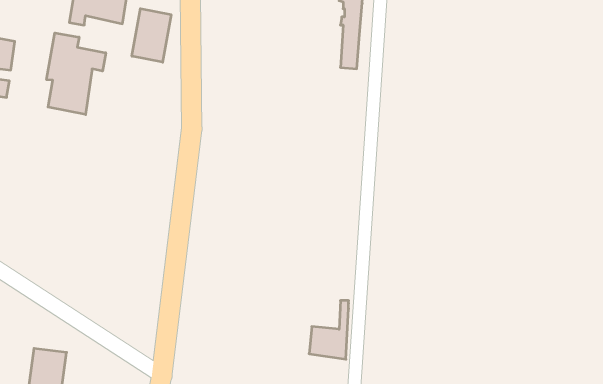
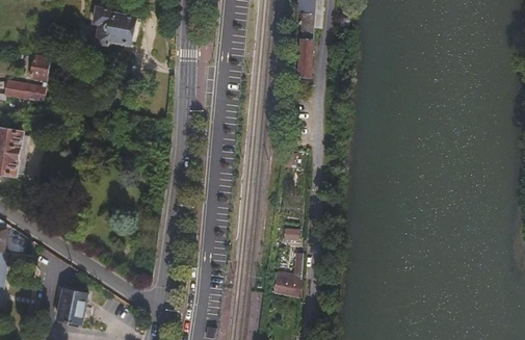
building: [132,9,171,62] -> none
building: [47,33,106,115] -> none

